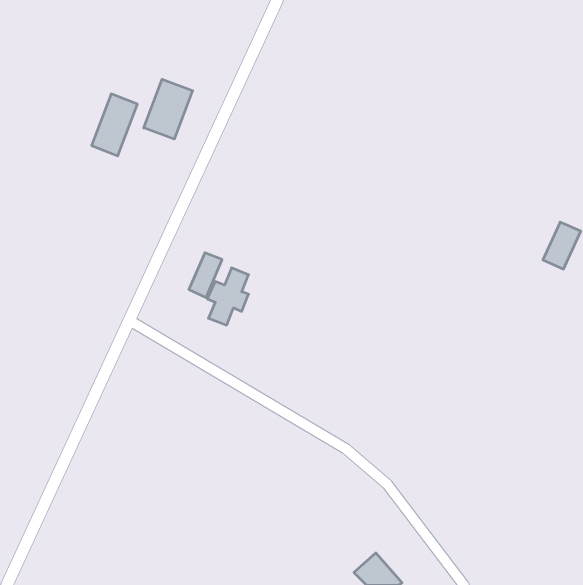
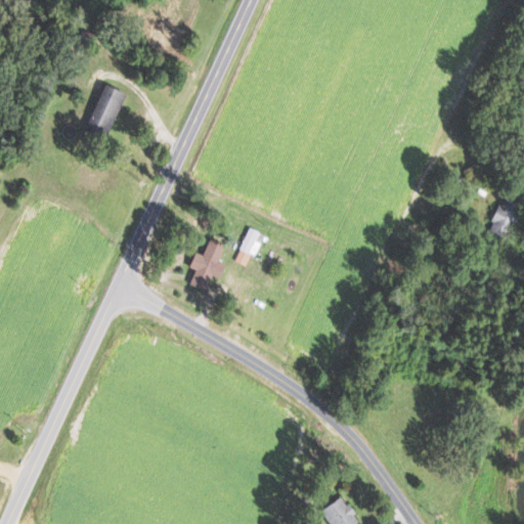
building: [144,79,193,139] -> none
building: [189,253,222,297] -> [235,227,265,267]

